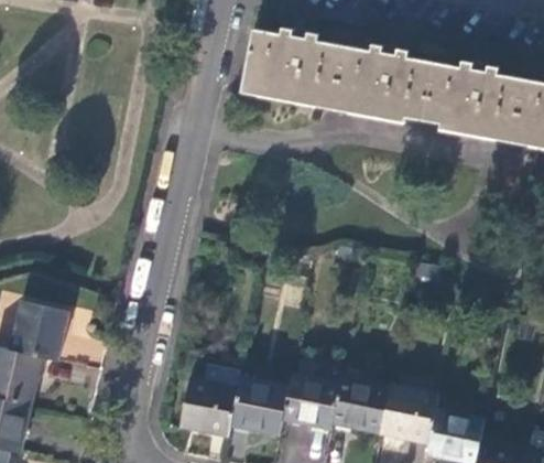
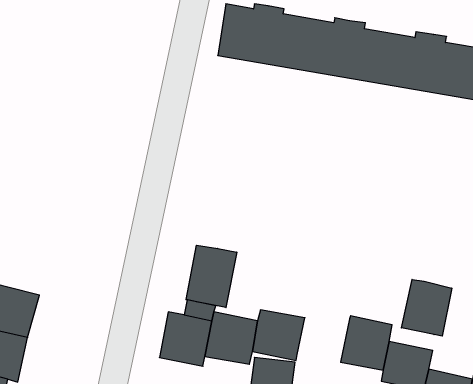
building: [10,301,69,362] -> none
building: none -> [186,245,237,308]
building: none -> [401,279,452,336]
building: [331,375,390,433] -> none

